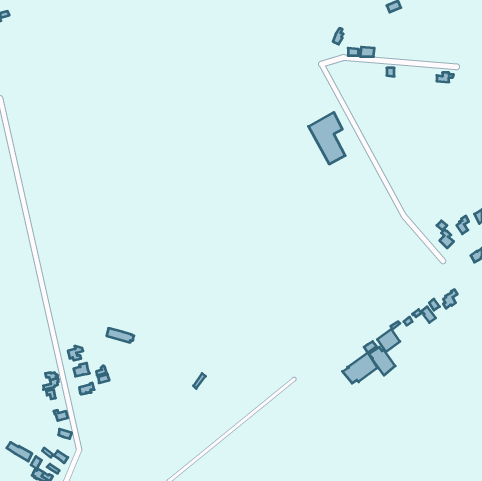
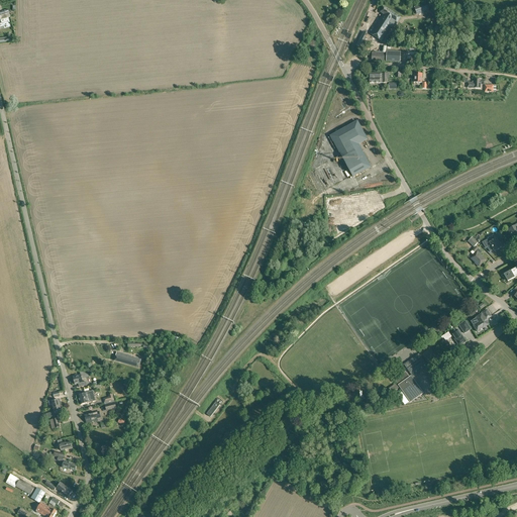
building: none -> [371,6,400,39]
building: [342,352,377,383] -> none

